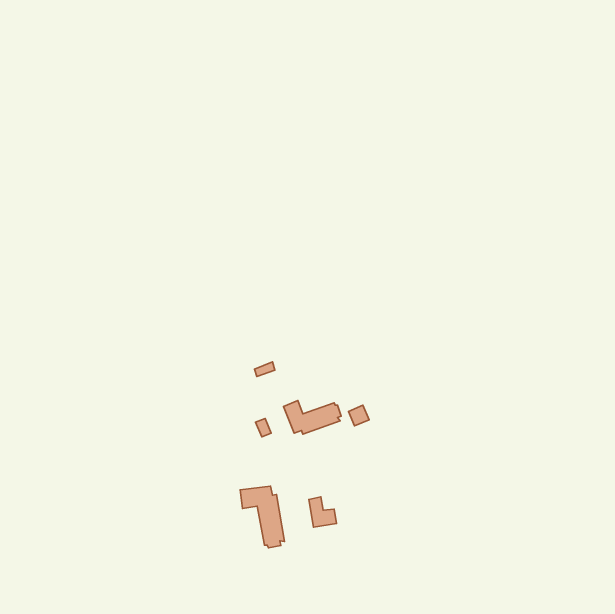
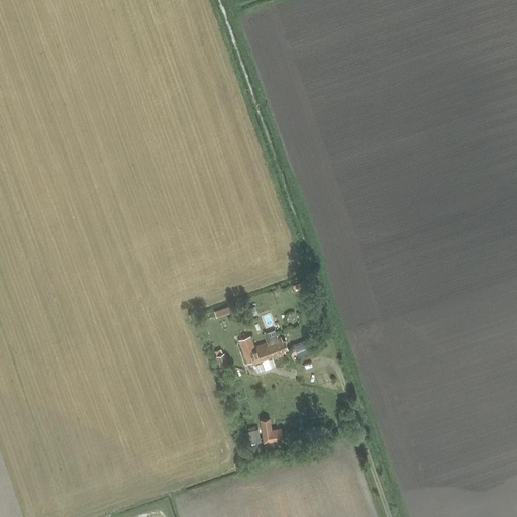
building: [240,486,285,548] -> none

